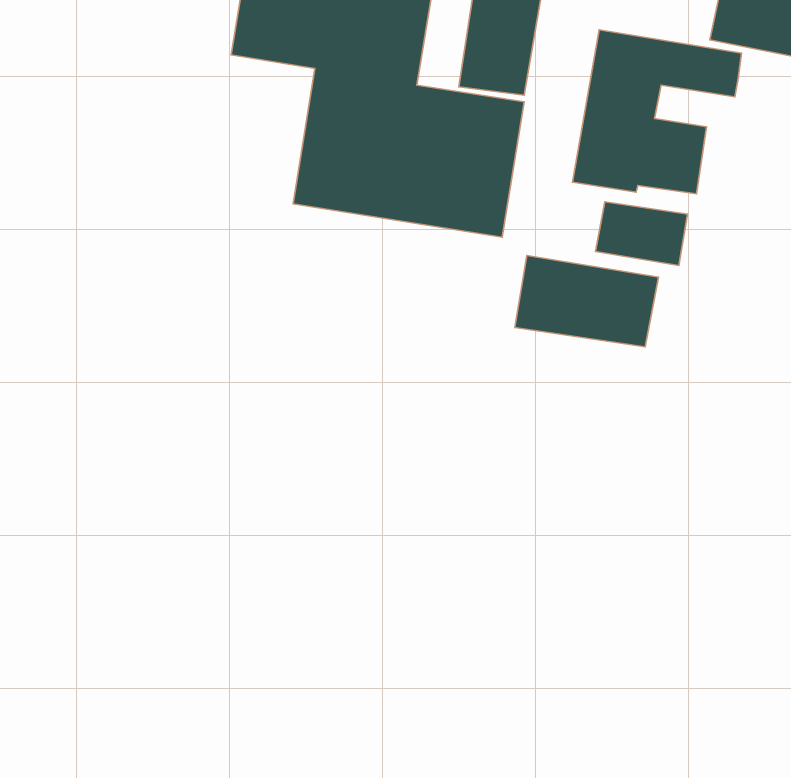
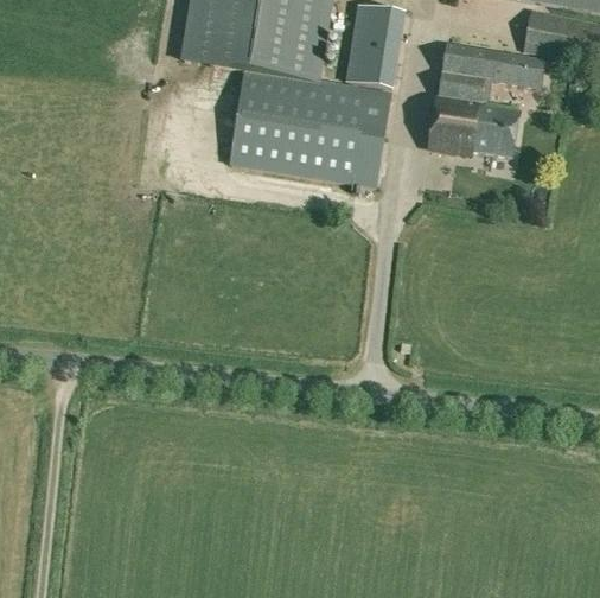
building: [595,202,687,265] -> none
building: [515,255,659,347] -> none

